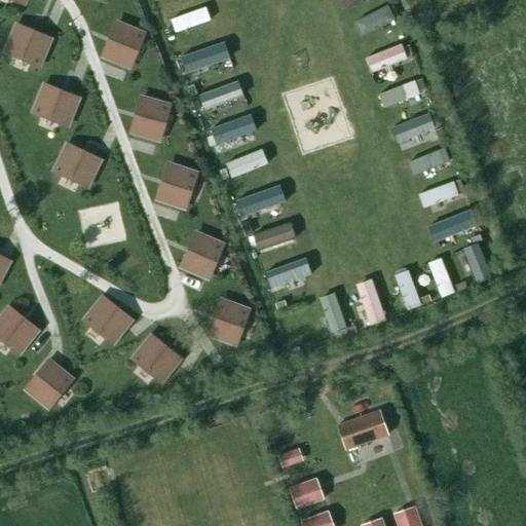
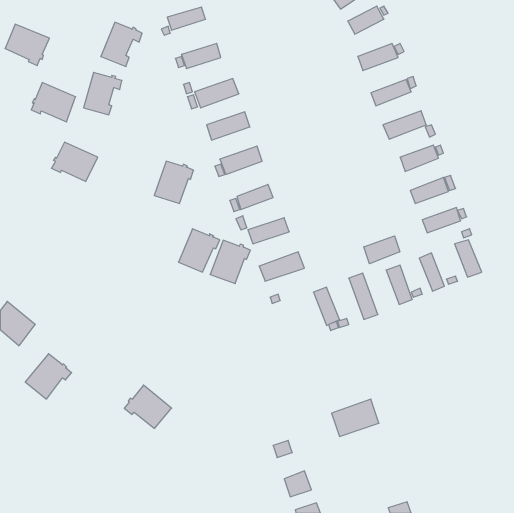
building: [133,98,172,141] -> [84,72,122,115]
building: none -> [364,236,400,264]
building: [85,297,132,344] -> none
building: [210,300,251,344] -> [210,240,250,284]
building: [132,336,180,380] -> [124,385,172,428]

